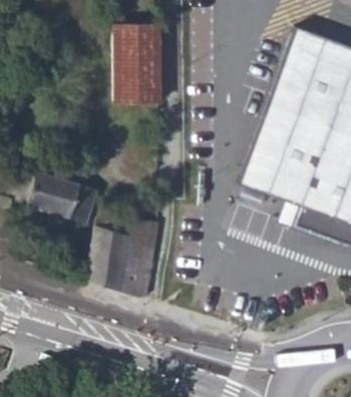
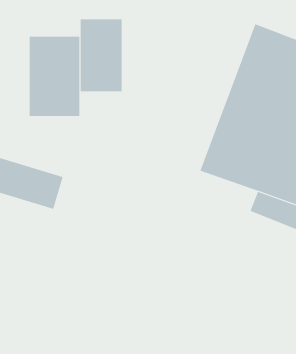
building: none -> [29,36,80,117]
building: [87,209,157,299] -> none

